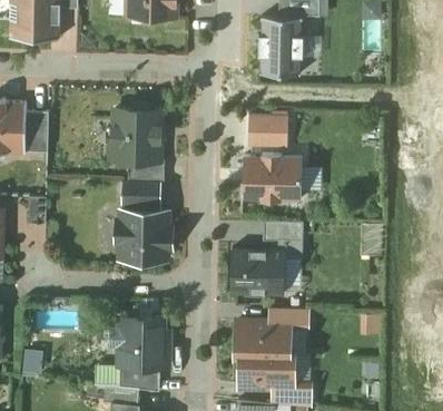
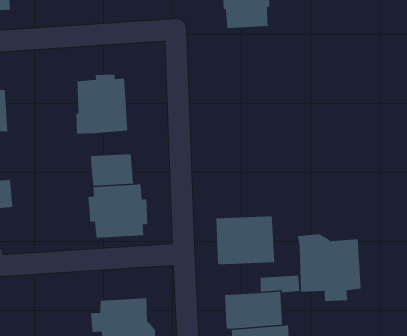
building: [239,112,313,207] -> none
building: [127,160,164,183] -> none
building: [263,221,304,251] -> none
building: none -> [297,233,361,302]

